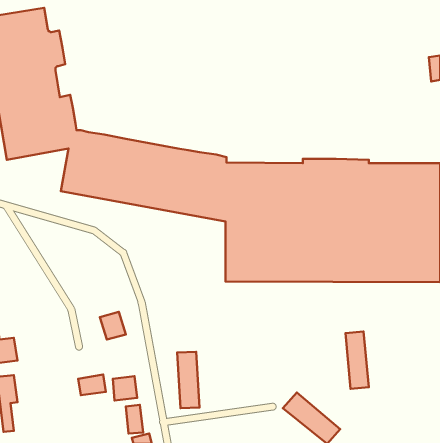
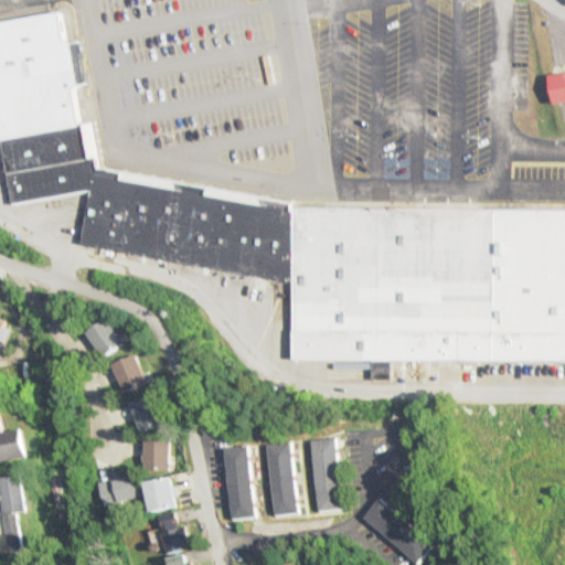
building: none -> [84,320,120,358]
building: none -> [108,355,143,394]
building: [345,331,369,389] -> [310,439,340,512]
building: none -> [141,441,167,472]
building: none -> [266,444,297,516]

